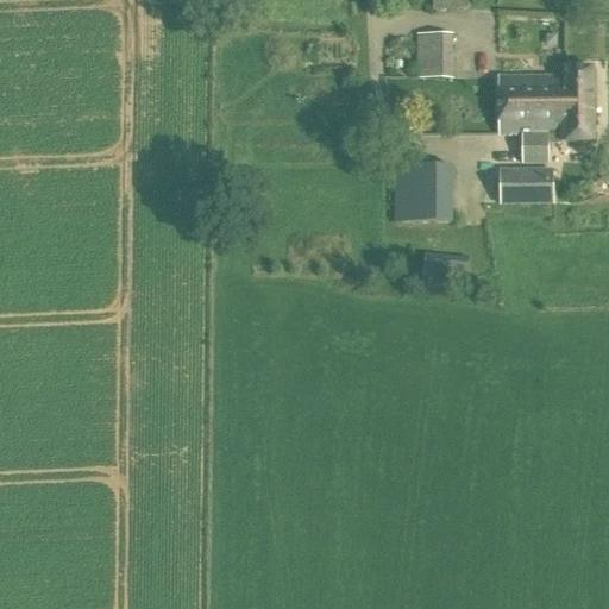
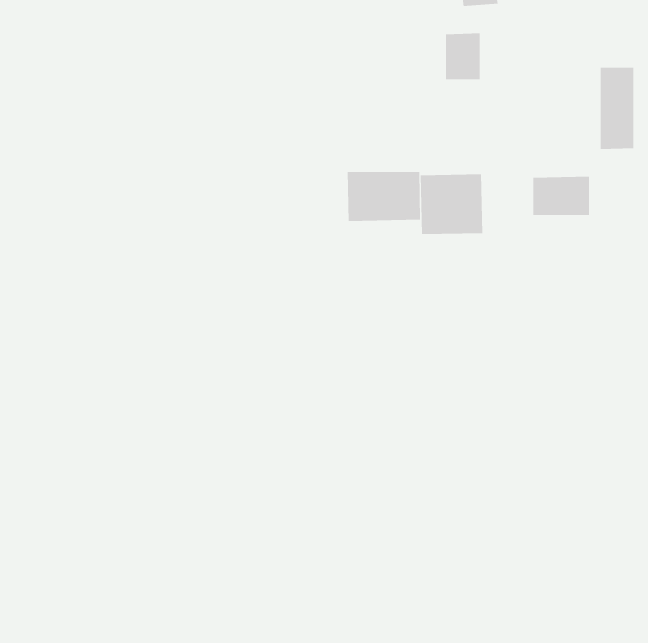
building: [497,70,563,162] -> none
building: none -> [347,171,421,222]

